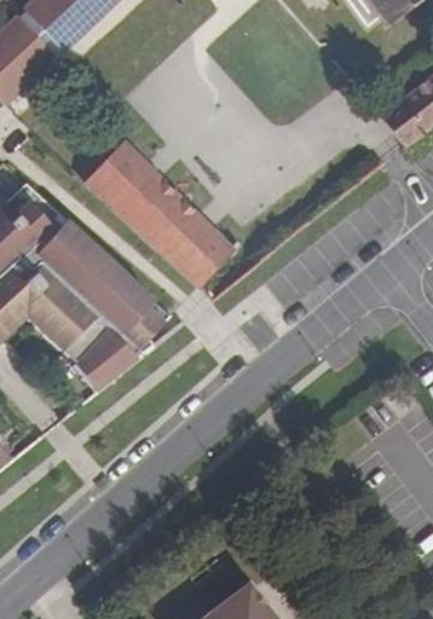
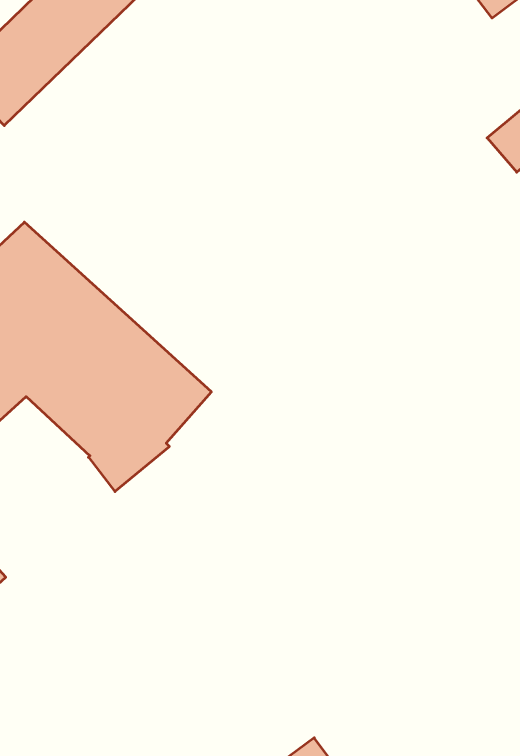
building: [85,149,232,287] -> none

